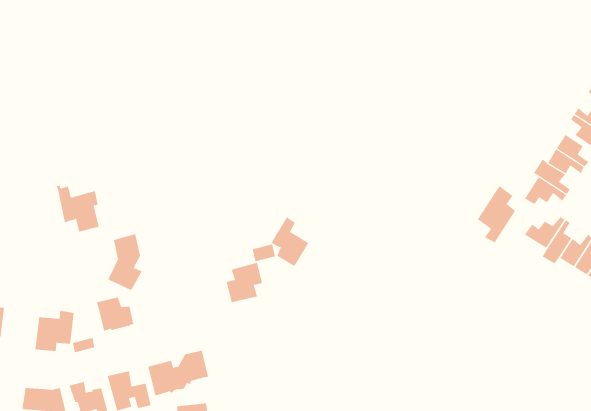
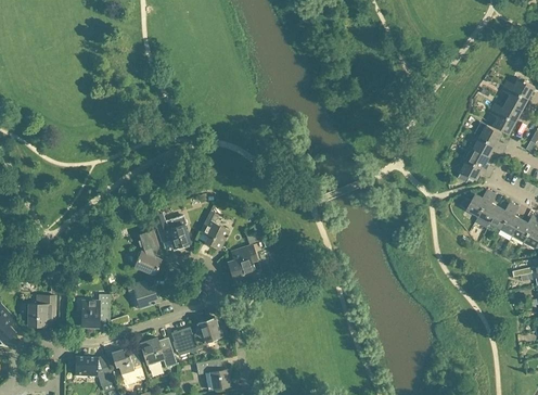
building: [56,185,100,232] -> [152,212,189,247]
building: [477,185,516,243] -> none
building: [271,216,309,267] -> [198,211,229,250]

